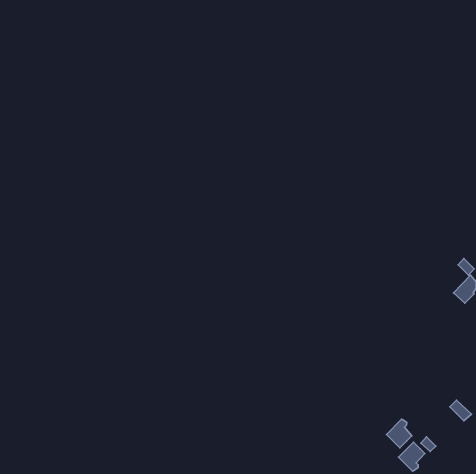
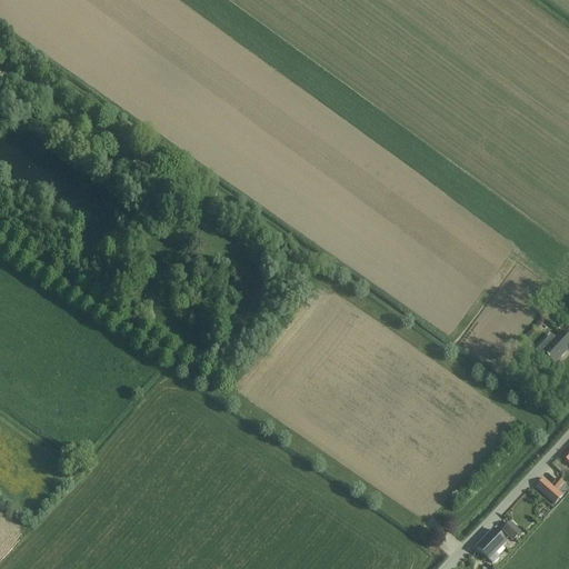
building: [386,419,412,448] -> none

